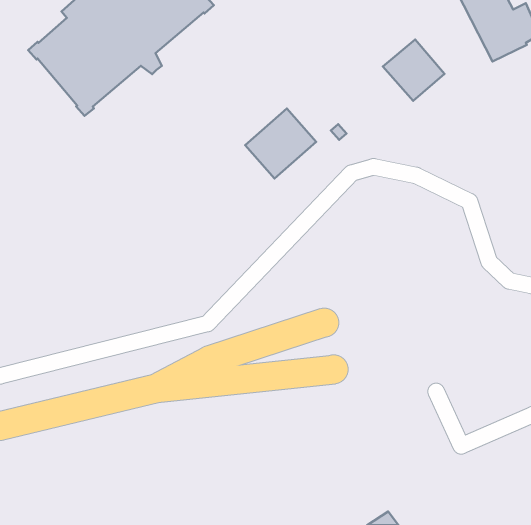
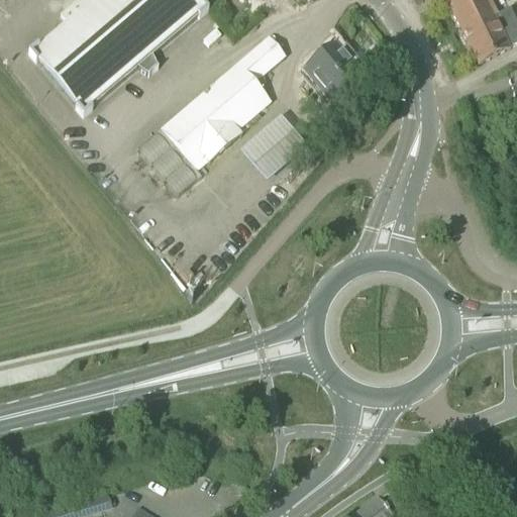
building: none -> [157,34,285,178]
building: [383,39,445,101] -> [304,38,364,98]

